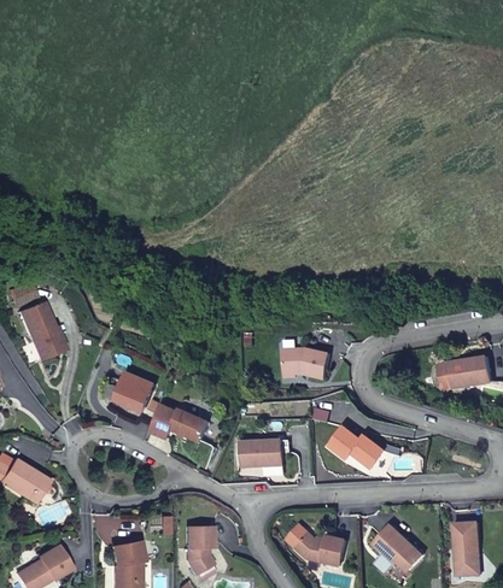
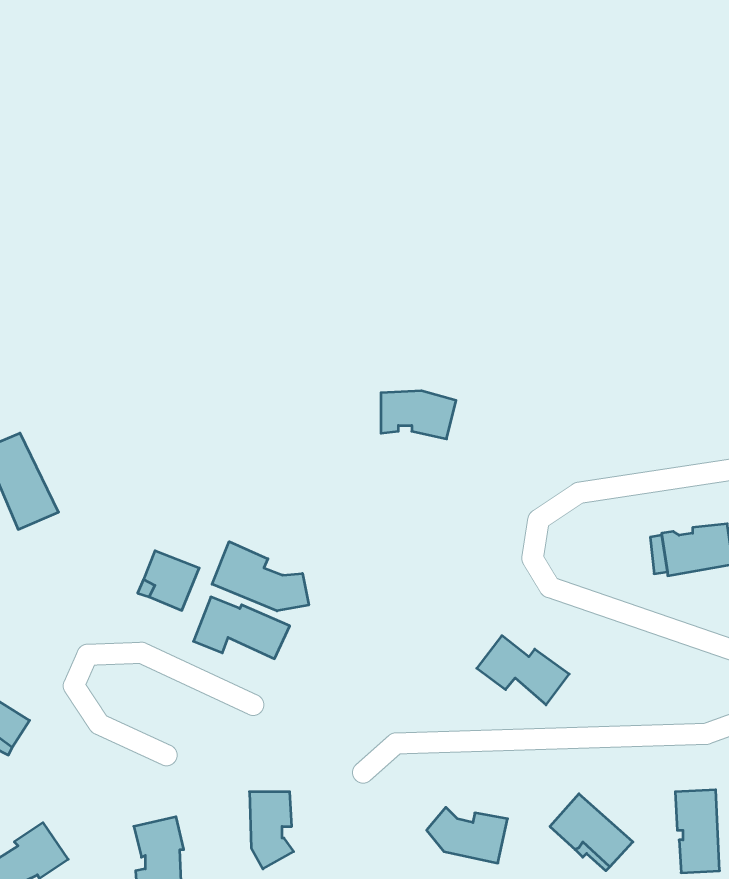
building: [282,348,329,378] -> [381,391,456,439]
building: none -> [212,542,309,611]
building: [240,439,282,466] -> none

